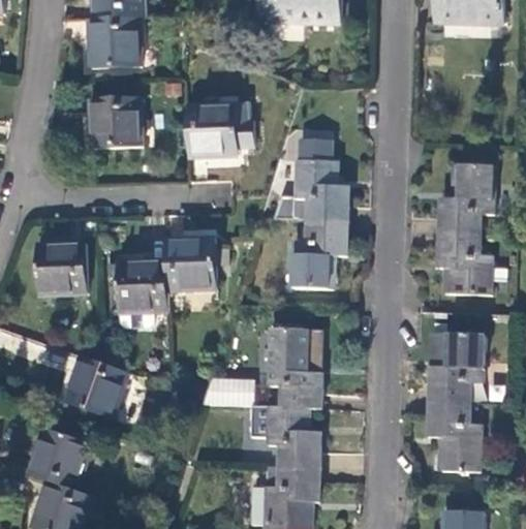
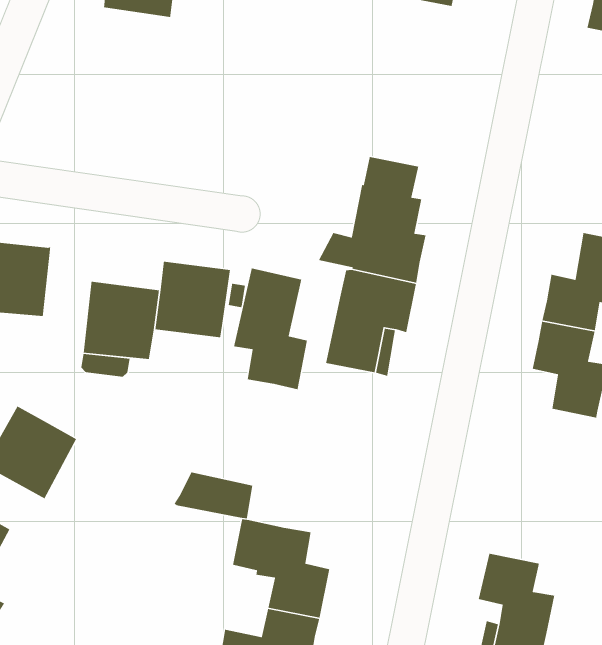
building: [89,94,141,145] -> none
building: [186,98,253,152] -> none
building: [269,329,320,409] -> [233,267,308,390]
building: [429,333,482,403] -> none

